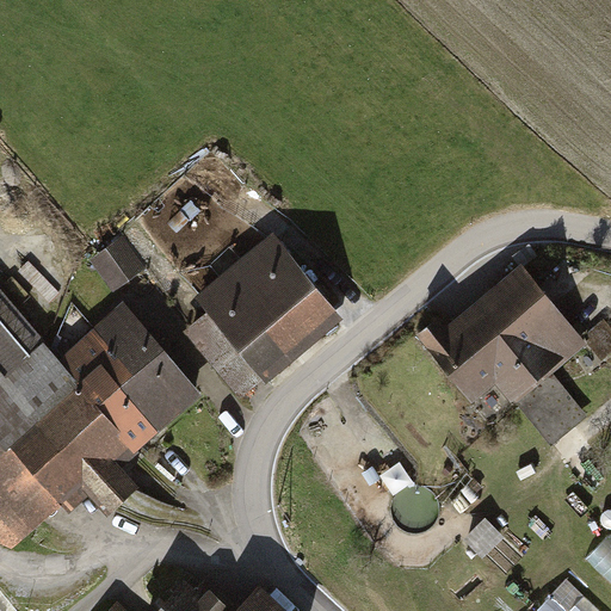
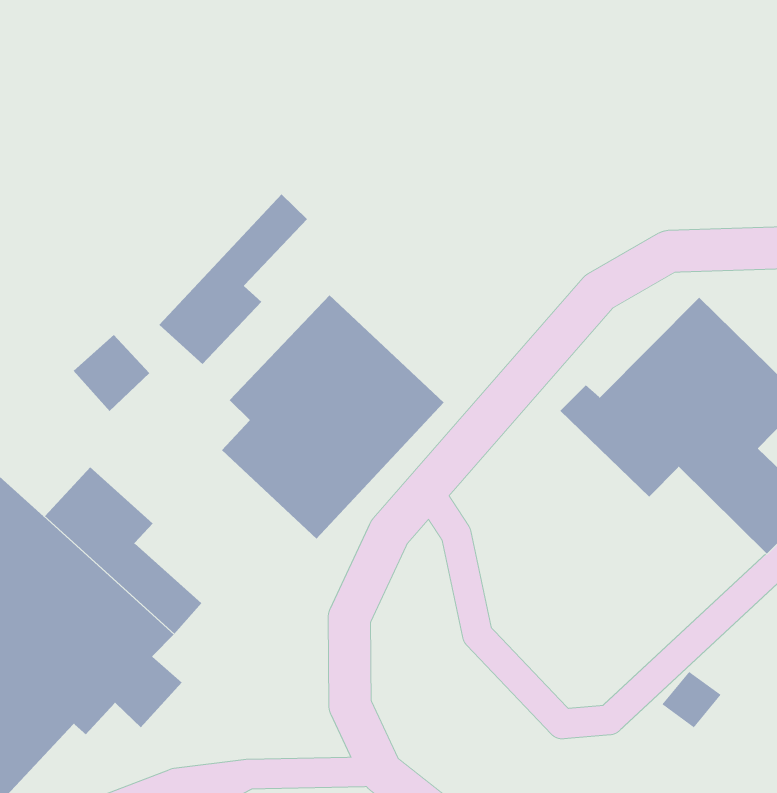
building: none -> [158,193,308,365]
building: [94,304,200,431] -> none

